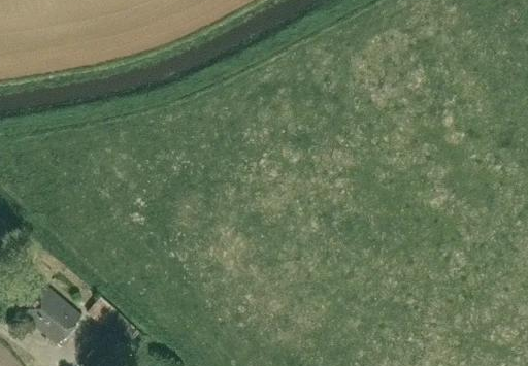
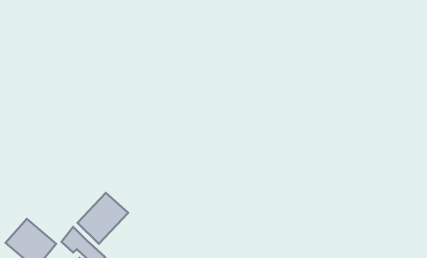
building: none -> [78,193,128,244]

